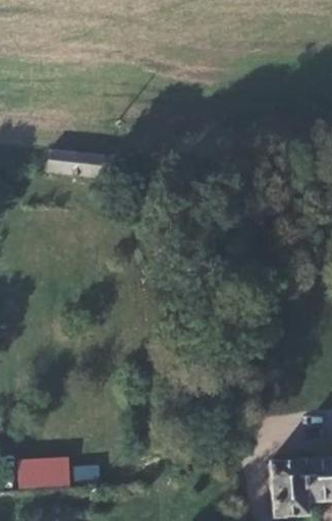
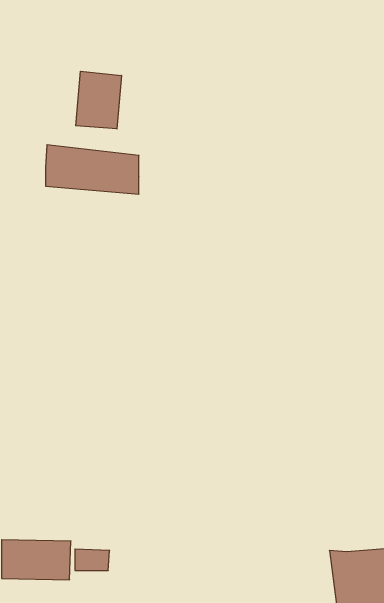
building: none -> [76,71,121,129]

